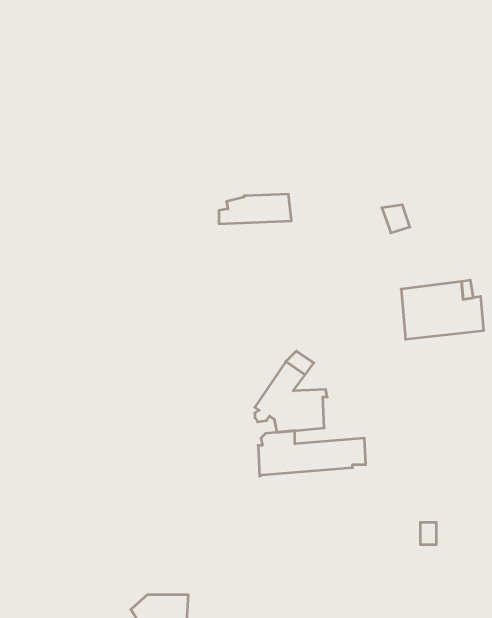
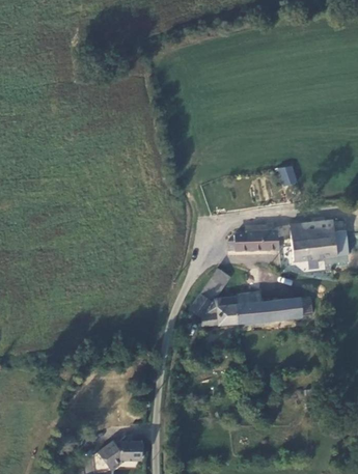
building: [219,194,291,224] -> [228,232,279,253]
building: [258,431,366,476] -> [236,292,311,325]

